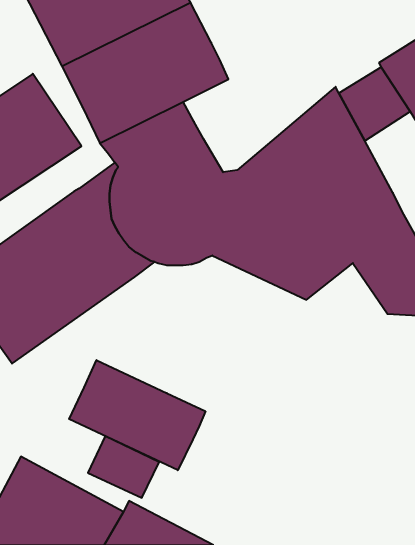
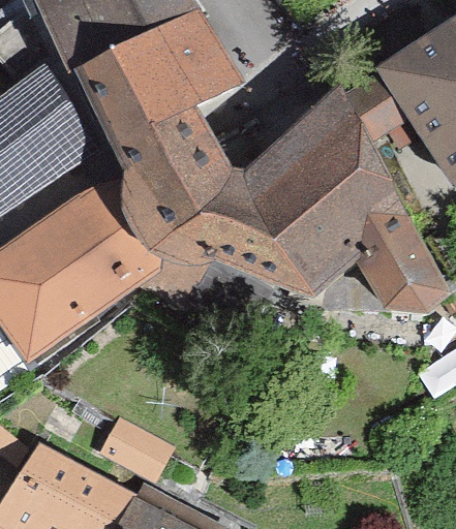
building: [69,360,205,470] -> none

